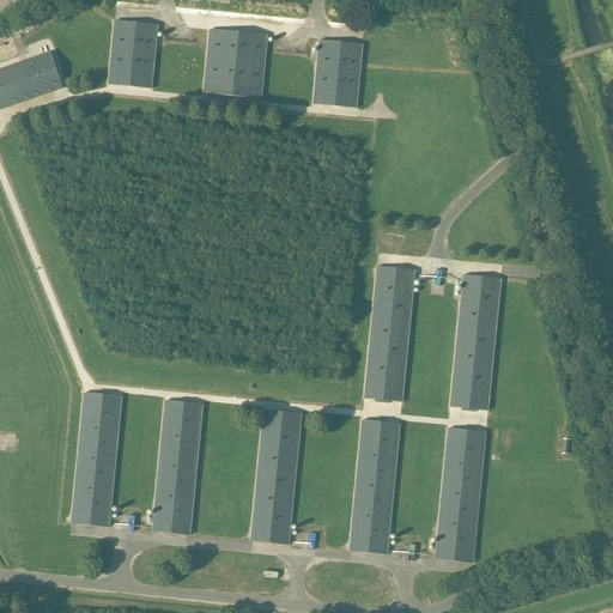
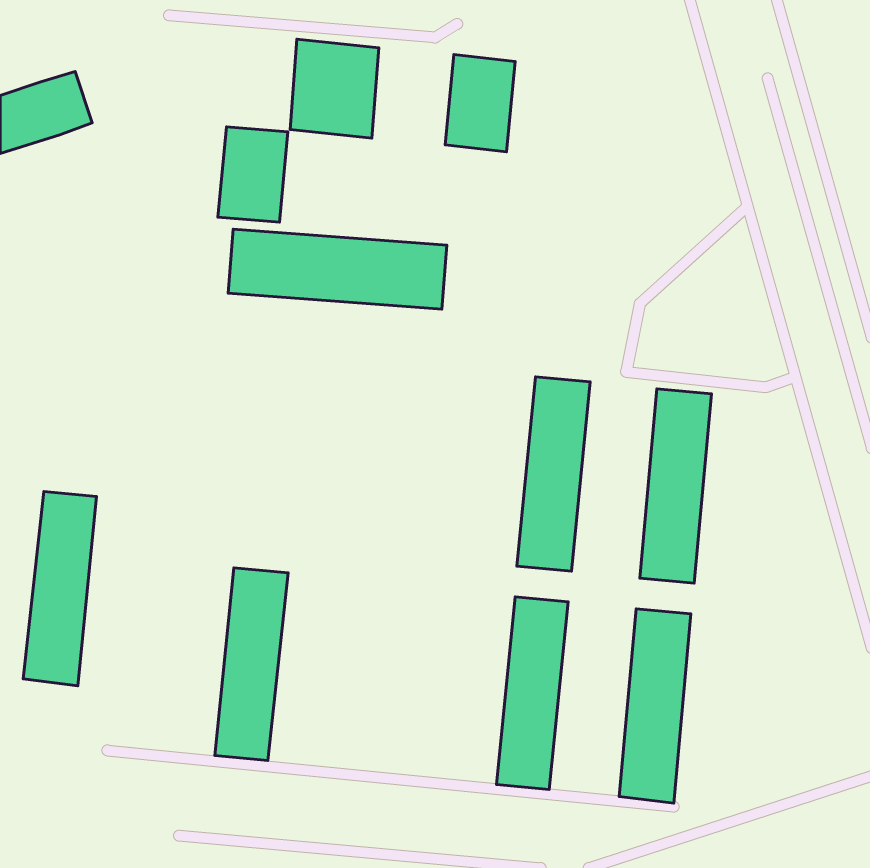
building: [109,19,158,86] -> [218,127,288,222]
building: none -> [228,229,447,309]
building: [71,390,122,527] -> [23,491,97,686]
building: [250,408,302,545] -> none

